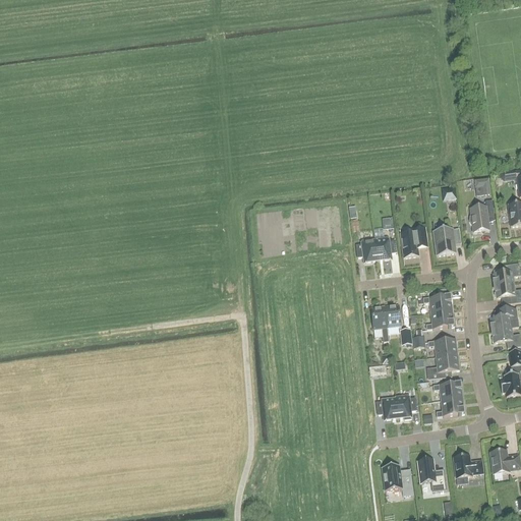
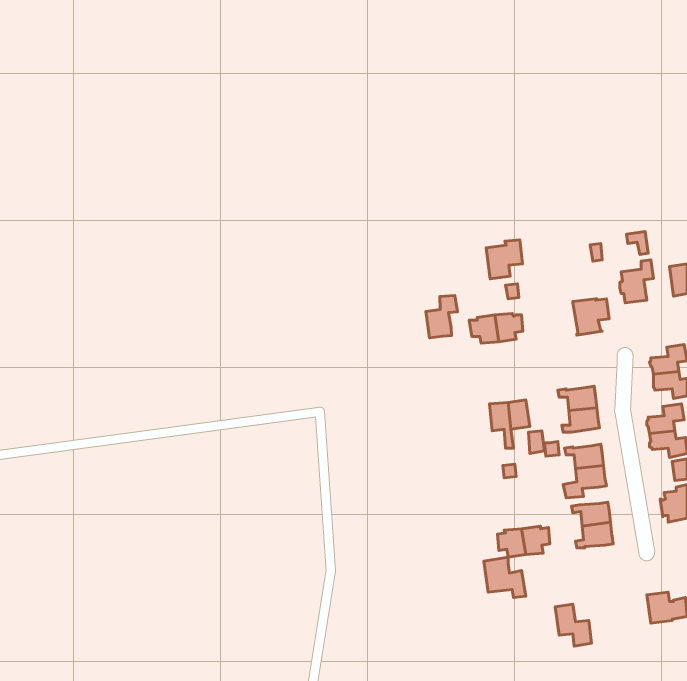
building: none -> [426,296,457,338]
building: [400,226,427,255] -> [486,240,522,279]
building: [453,452,483,475] -> none
building: [382,462,413,493] -> [484,557,526,598]

